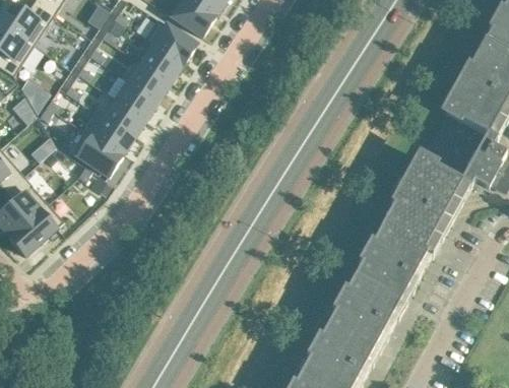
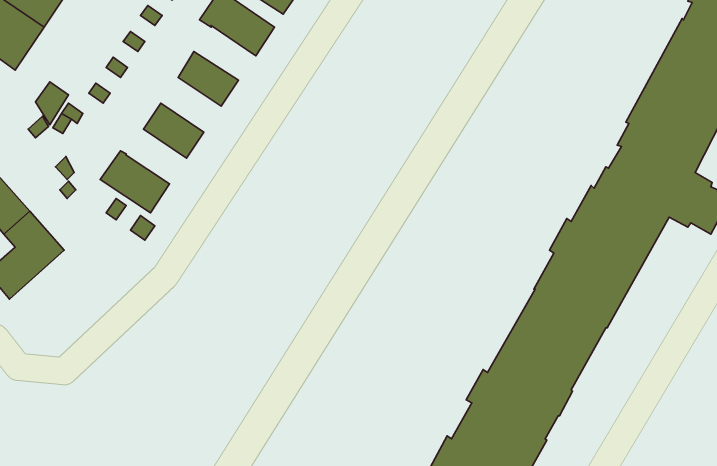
building: [137,44,181,82] -> none
building: [114,80,156,119] -> none
building: [89,117,132,155] -> none
building: [7,202,62,255] -> none

